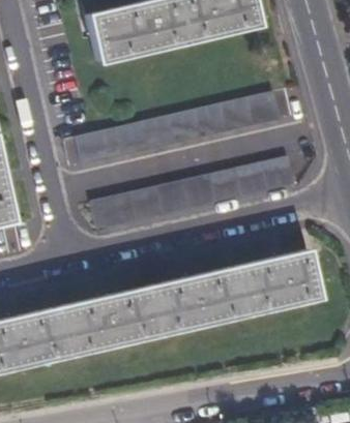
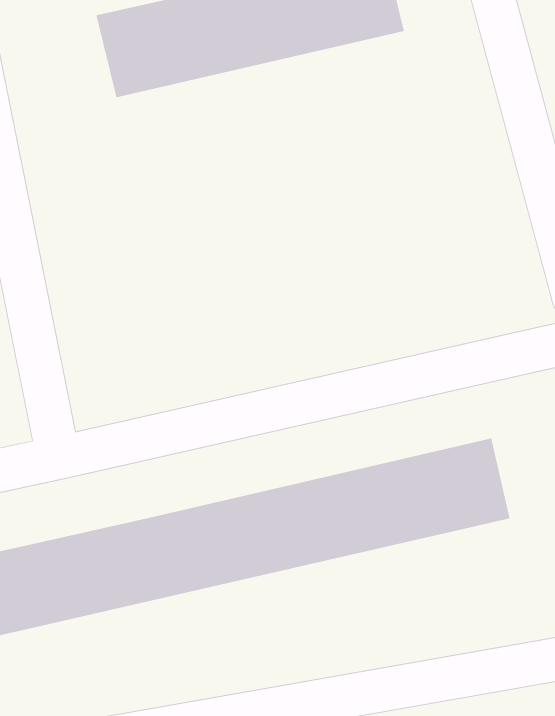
building: [80,92,284,165] -> none
building: [95,156,299,231] -> none

